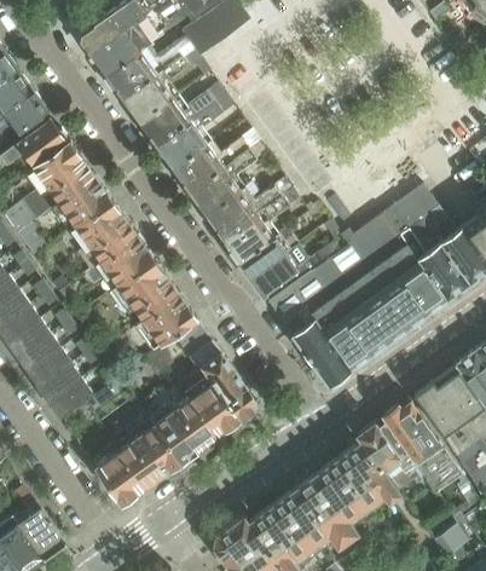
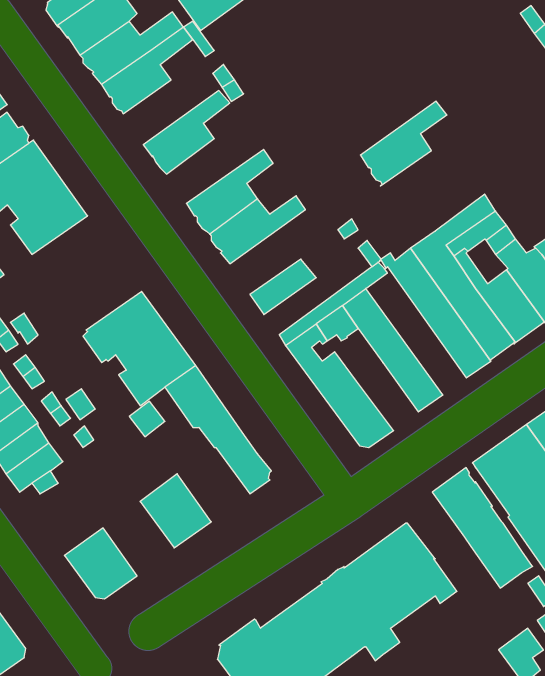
building: [140,92,215,145] -> none
building: [174,138,250,191] -> none
building: [224,196,291,263] -> [360,101,447,186]
building: [69,201,155,290] -> none
building: [330,241,409,341] -> none
building: [250,249,302,294] -> none
building: [323,316,371,369] -> none
building: [183,382,239,440] -> none
building: [357,417,407,469] -> none
building: [125,425,180,483] -> none

